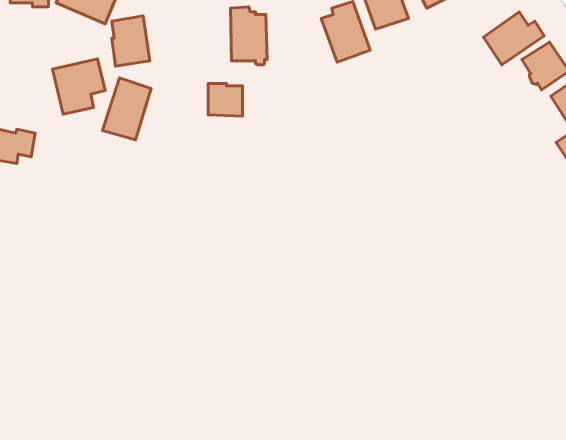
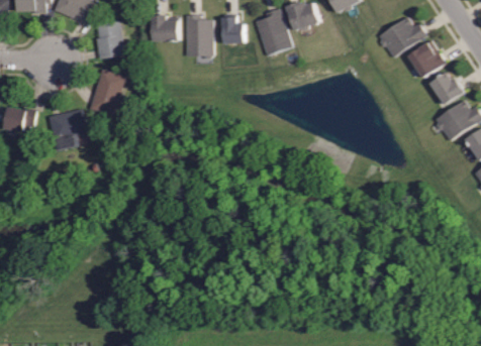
building: none -> [222,15,244,43]
building: [53,59,105,114] -> [46,108,87,150]
building: [208,83,242,116] -> [153,16,179,41]

